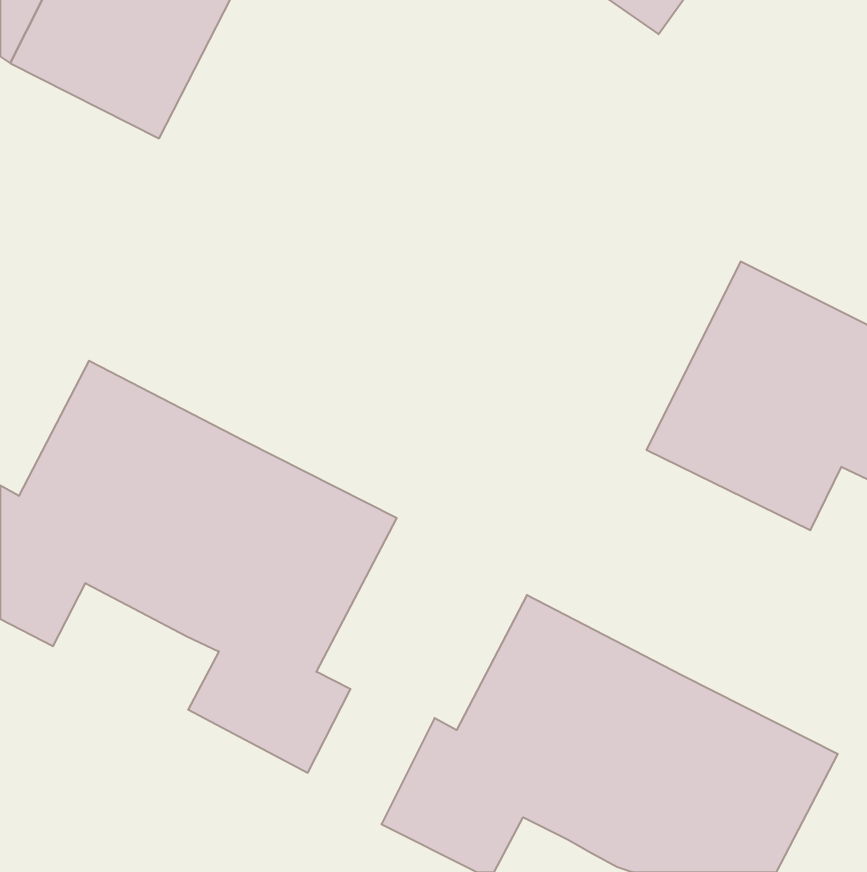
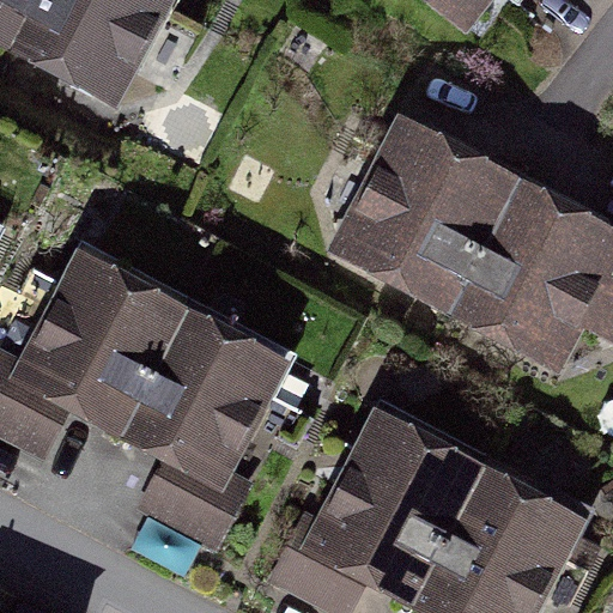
building: none -> [351,131,523,315]

